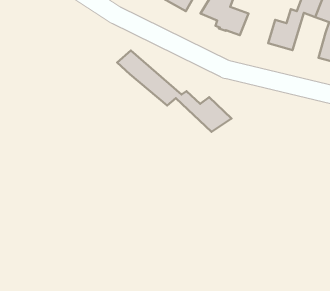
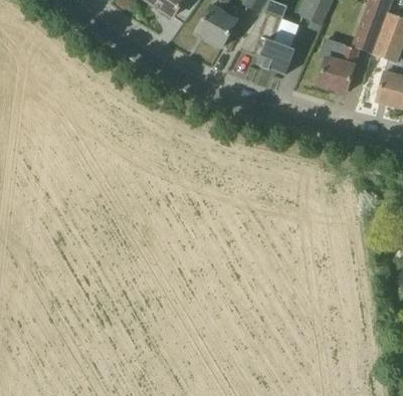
building: [117,51,231,132] -> none

